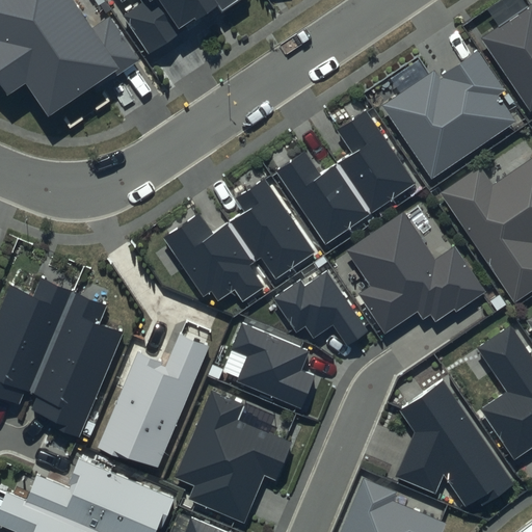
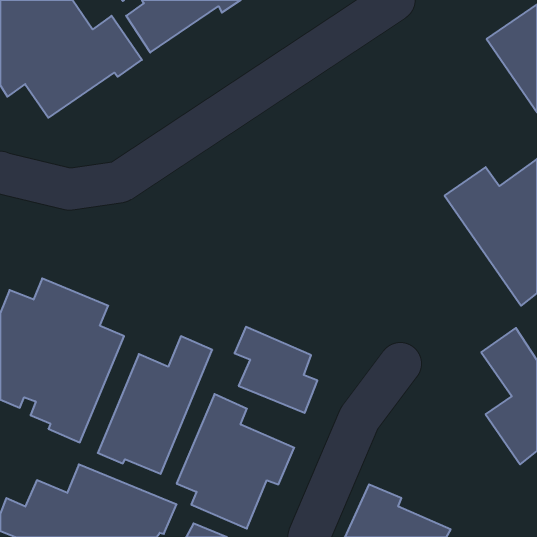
building: [382,51,515,179] -> none
building: [275,112,415,244] -> none
building: [164,178,316,301] -> none
building: [346,211,488,332] -> none
building: [272,271,368,346] -> none
building: [396,379,512,507] -> none

